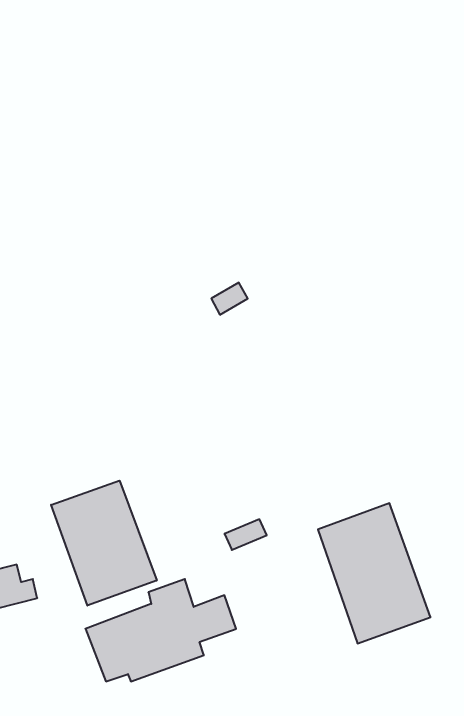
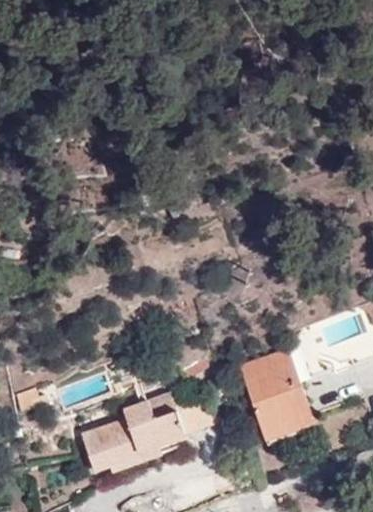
building: [51,481,157,606] -> none

